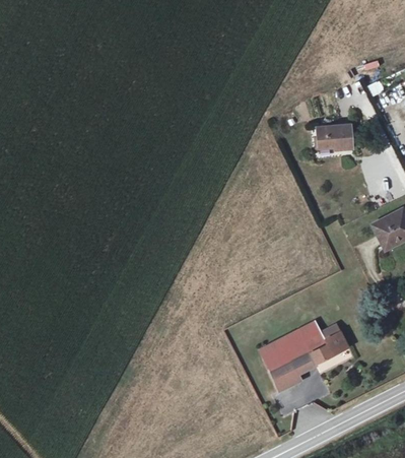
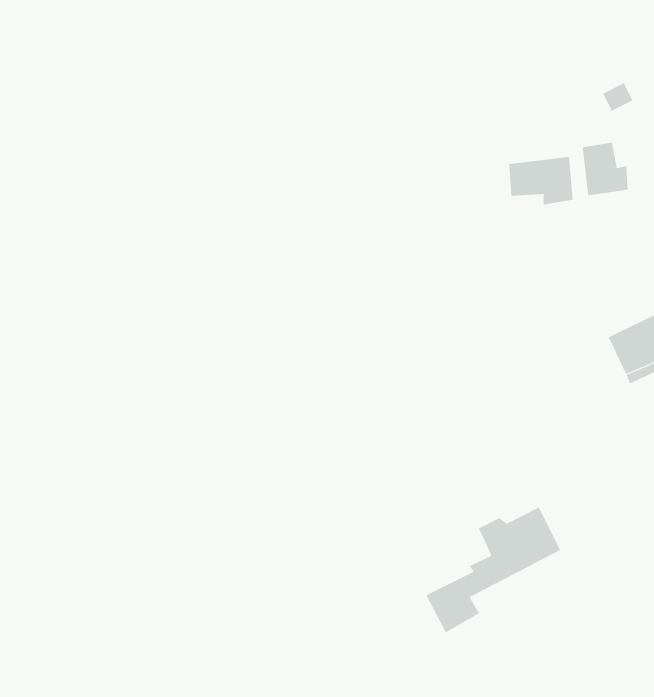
building: none -> [582,142,628,196]
building: [263,336,306,370] -> none

